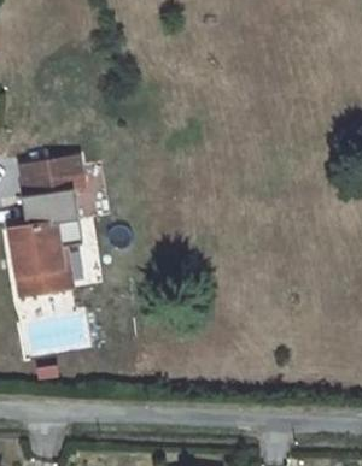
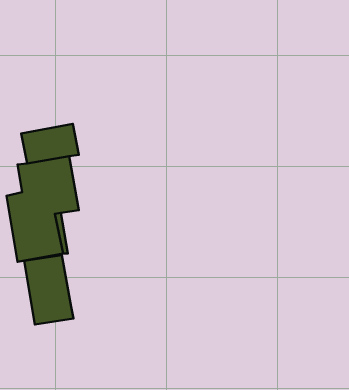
building: none -> [24,255,74,325]

